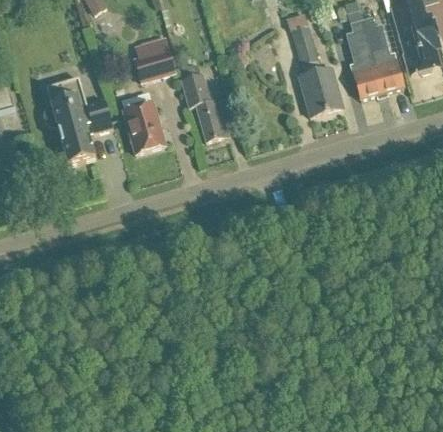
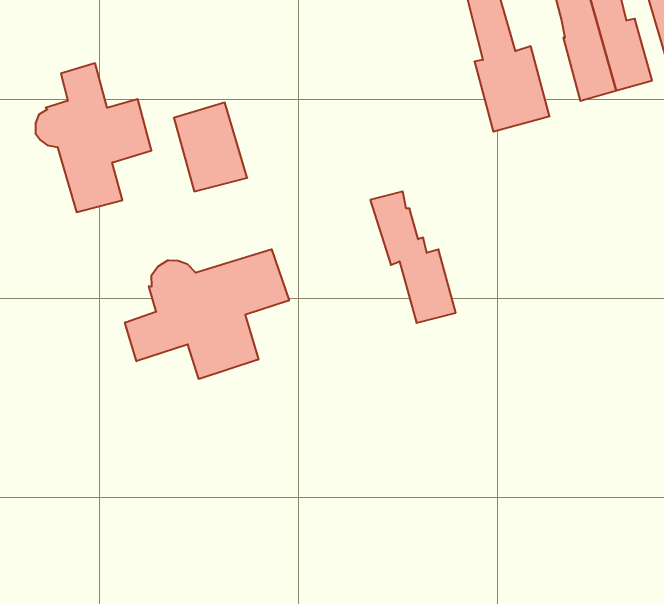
building: [134,46,174,79] -> none
building: [178,62,228,139] -> [370,191,456,323]
building: none -> [125,249,289,379]

